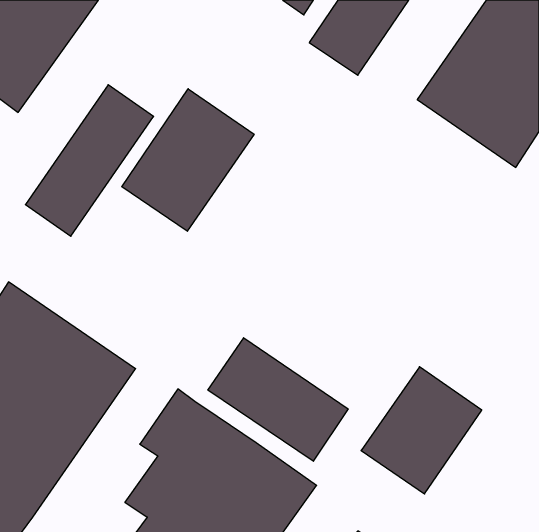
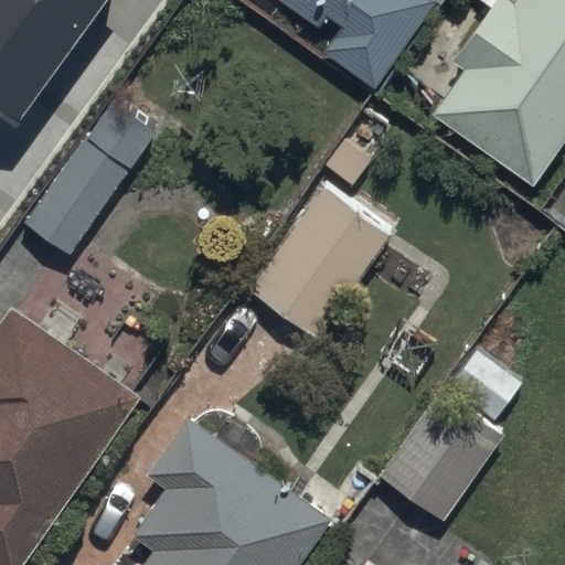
building: [122,89,254,231] -> none
building: none -> [246,181,387,334]
building: [208,338,348,461] -> none

